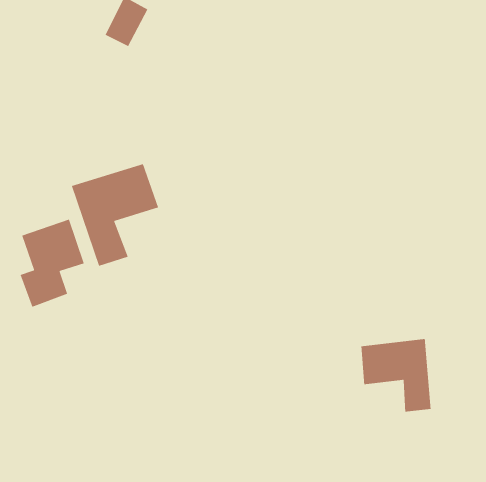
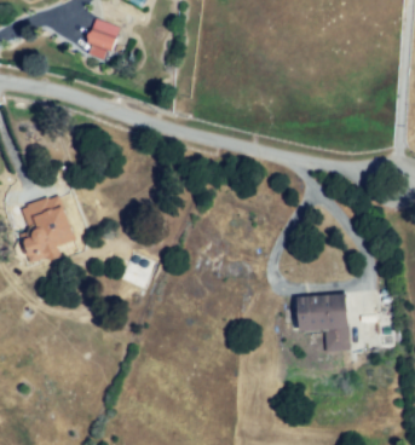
building: [71,163,159,267] -> none

